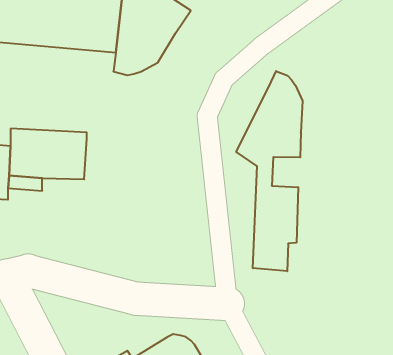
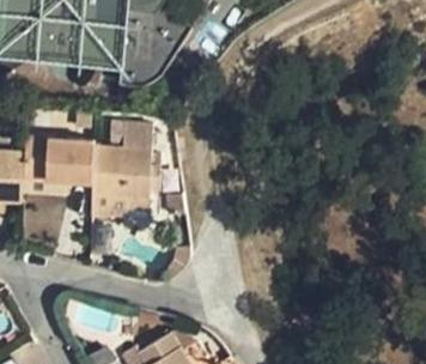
building: [236,71,303,271] -> none
building: none -> [90,122,152,218]

